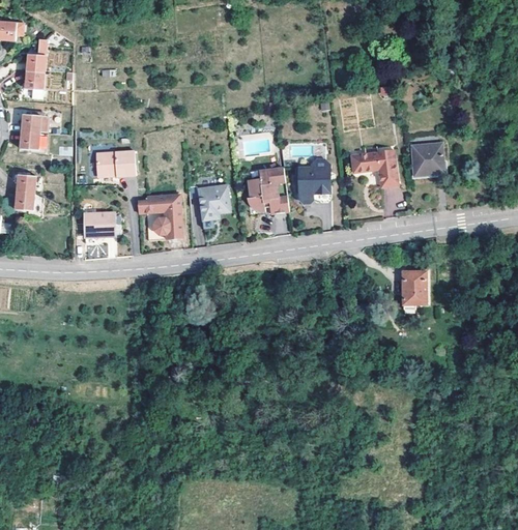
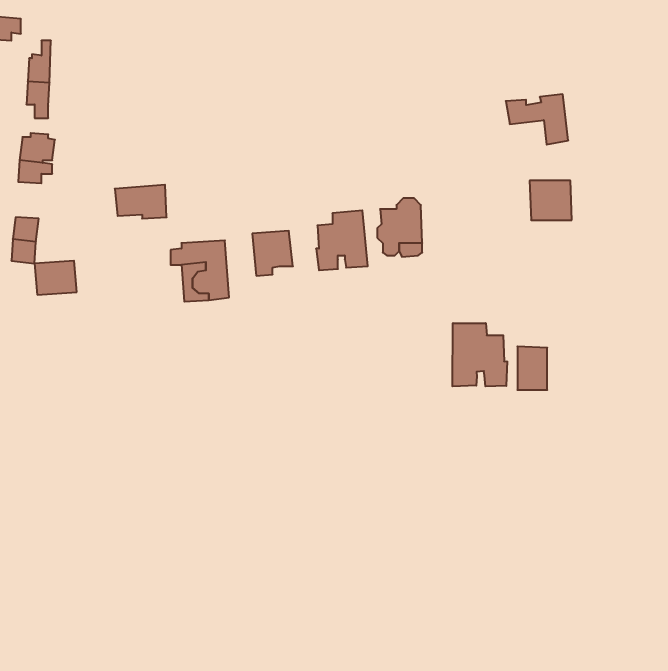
building: [349,149,397,187] -> [506,94,568,145]
building: [83,212,115,238] -> [35,261,77,295]
building: none -> [452,323,507,386]

